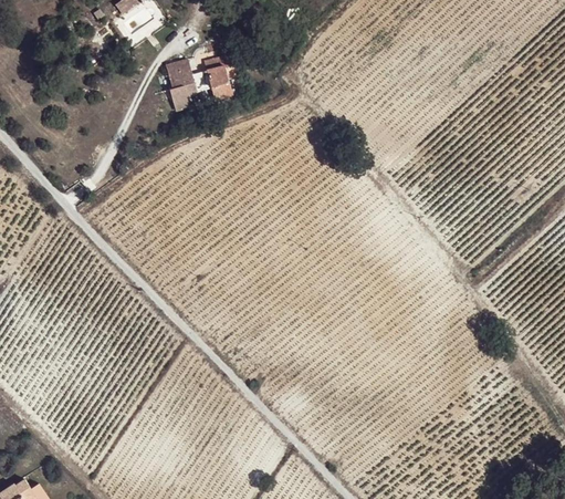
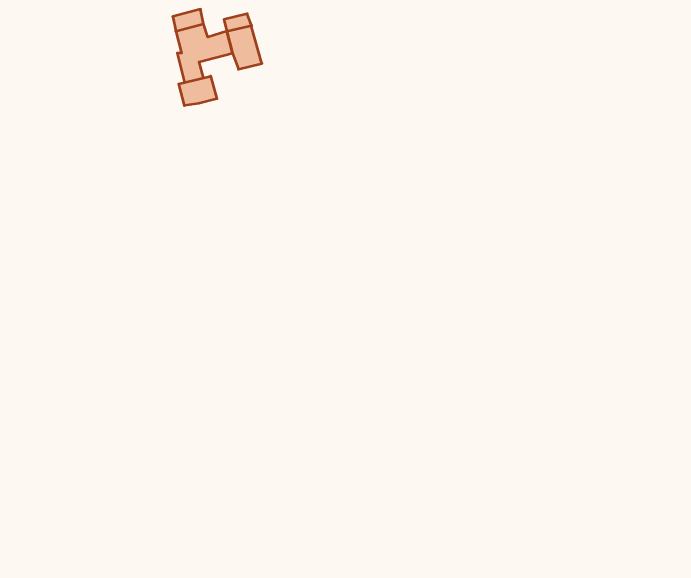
building: none -> [179,76,217,106]

